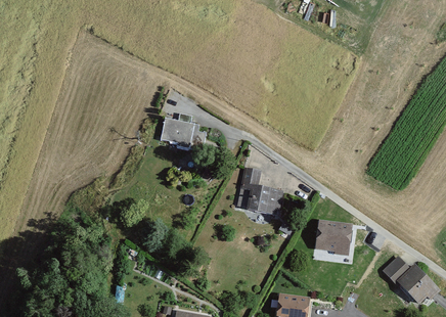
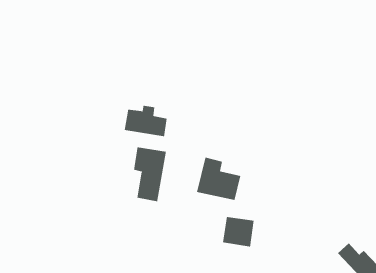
building: none -> [133,146,166,202]
building: [316,225,351,258] -> [222,217,255,247]

